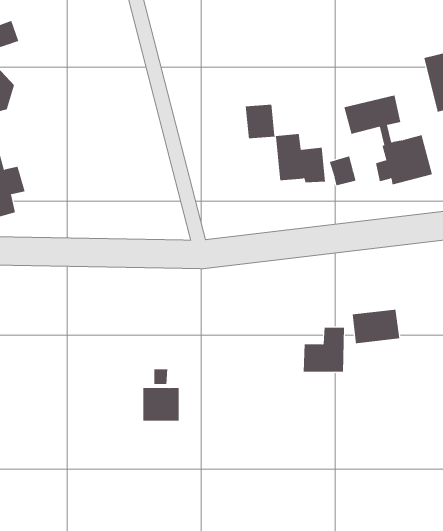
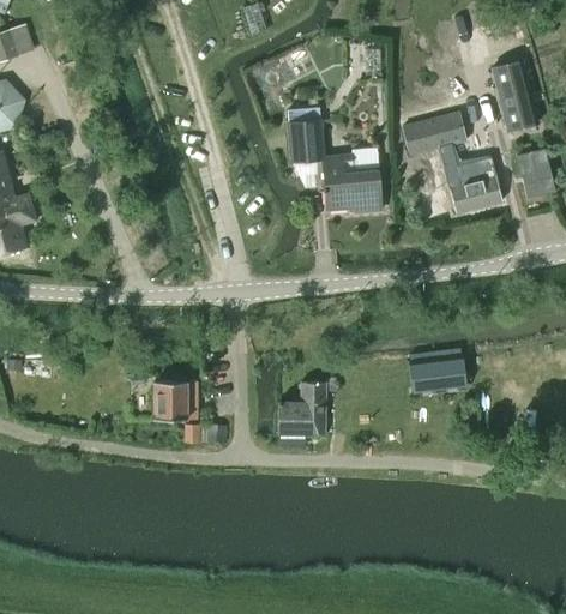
building: [329,155,356,186] -> none
building: [303,327,345,372] -> [277,381,325,433]
building: [143,388,179,421] -> [155,380,197,419]

